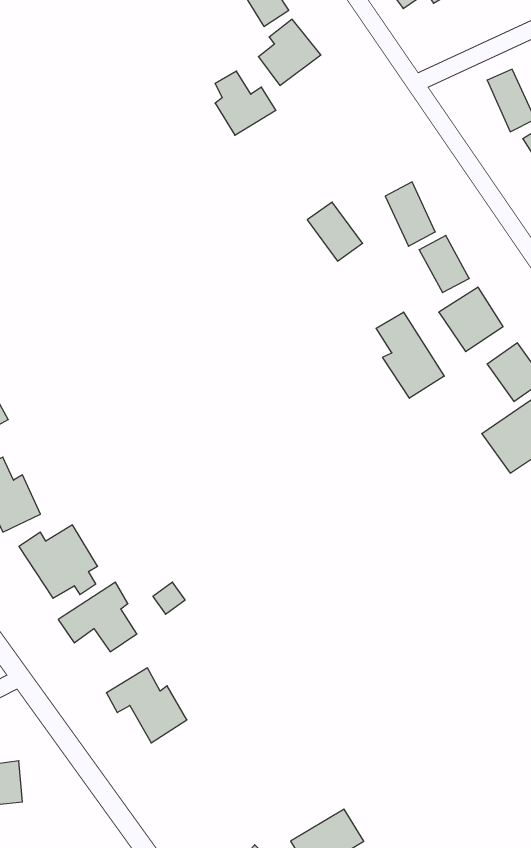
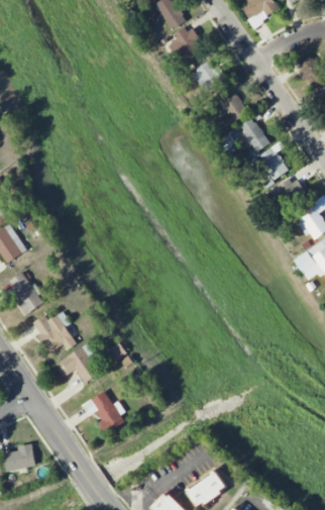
building: [215,71,276,135] -> [193,57,227,93]
building: [307,202,363,261] -> [217,89,248,122]
building: [376,312,444,398] -> none

